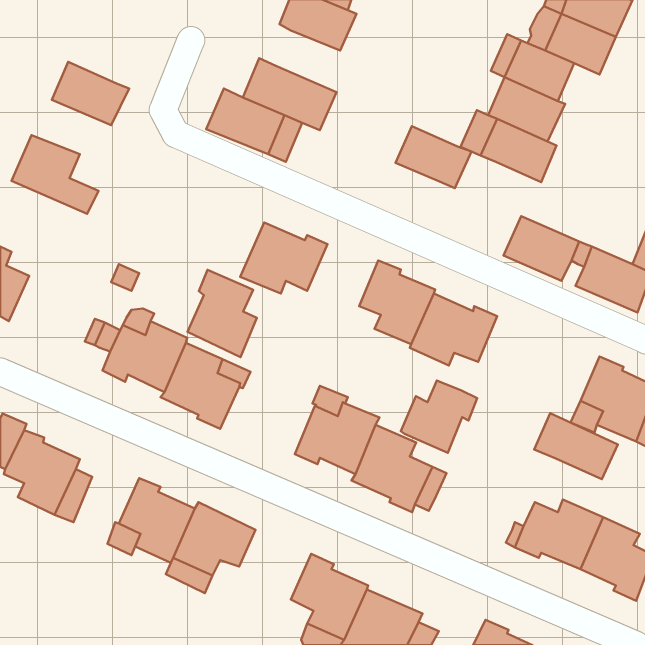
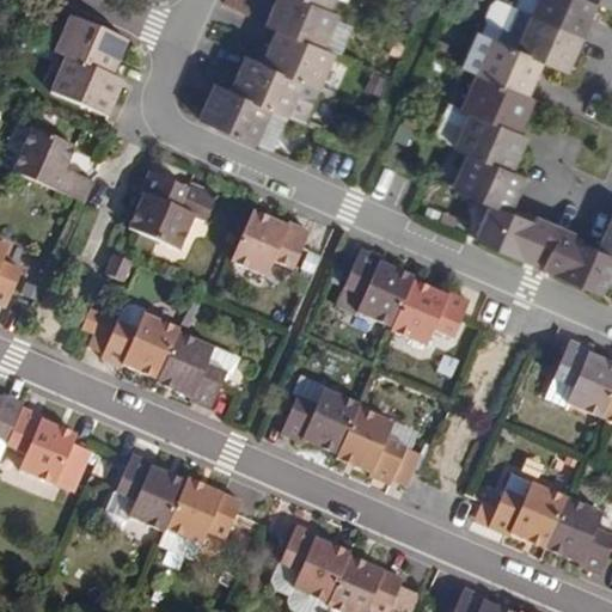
building: none -> [53,17,127,79]
building: none -> [262,29,335,87]
building: [395,126,471,188] -> [454,153,526,212]
building: [187,270,257,357] -> [129,169,195,251]
building: [401,381,477,453] -> none
building: [534,413,618,479] -> none

